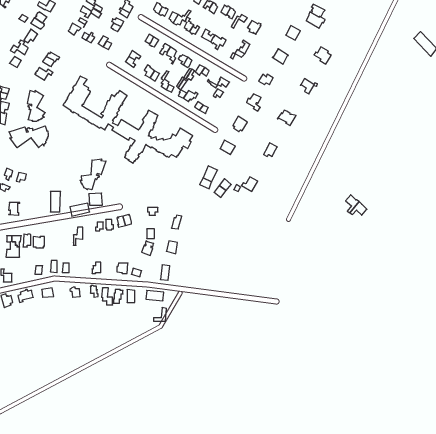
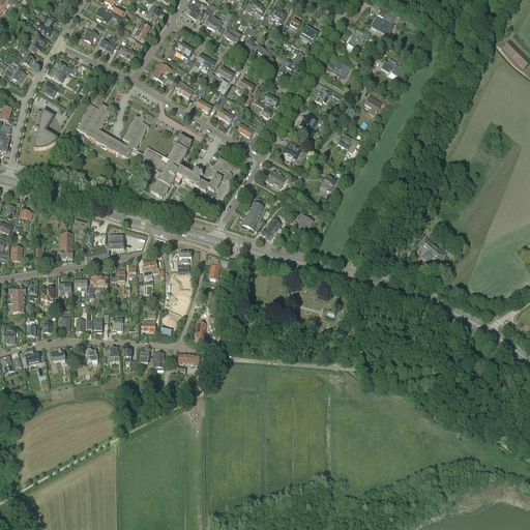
building: [9,126,48,148] -> none
building: [80,159,106,190] -> none

